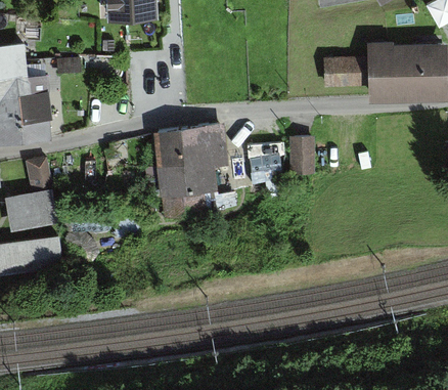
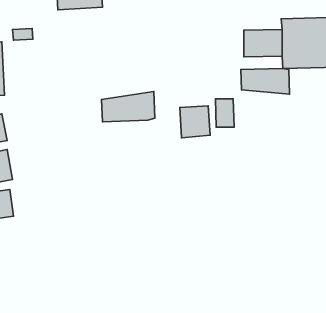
building: none -> [241,68,289,94]
building: [160,160,212,210] -> none

